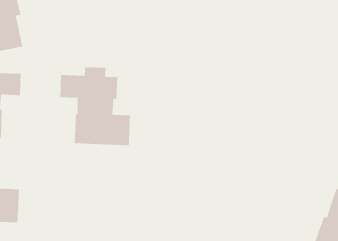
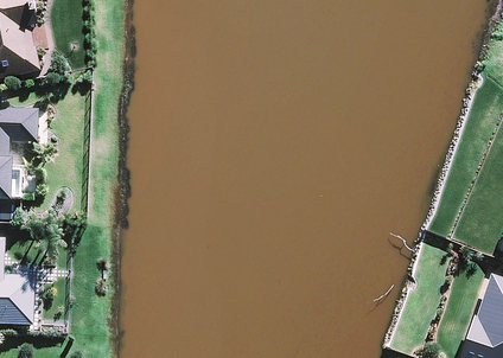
building: [60,67,130,146] -> none

